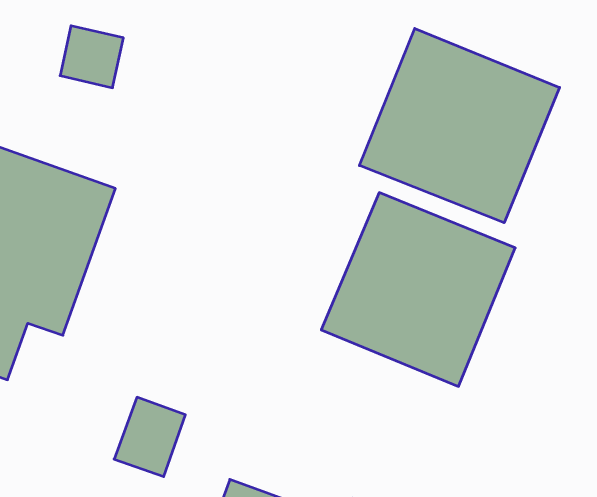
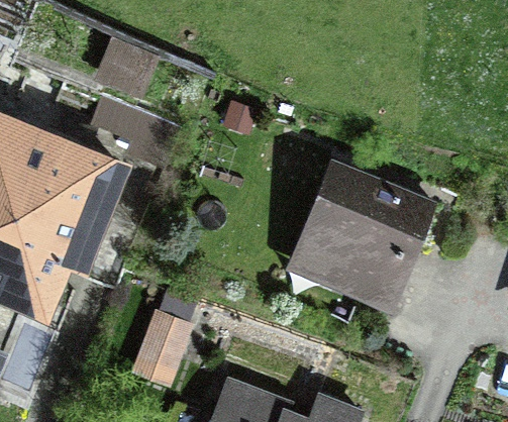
building: [359,28,560,223] -> none

